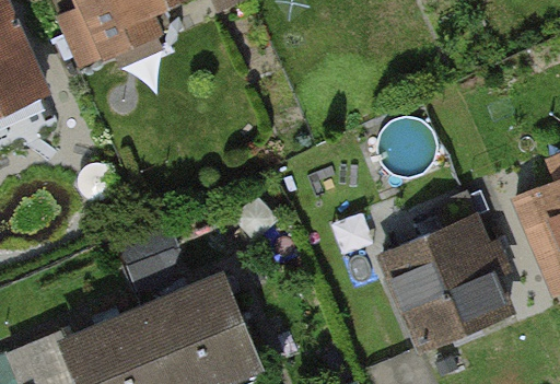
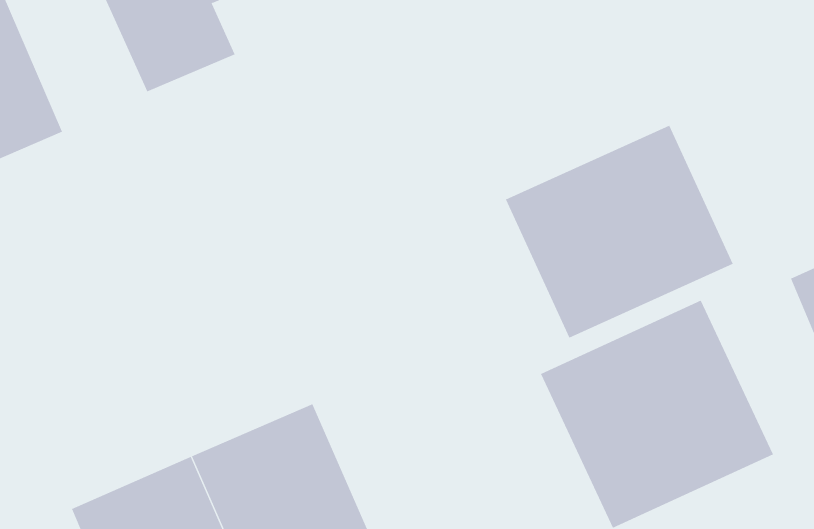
building: none -> [505,125,734,339]

